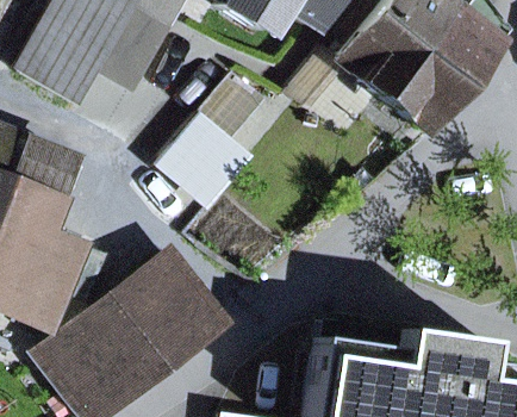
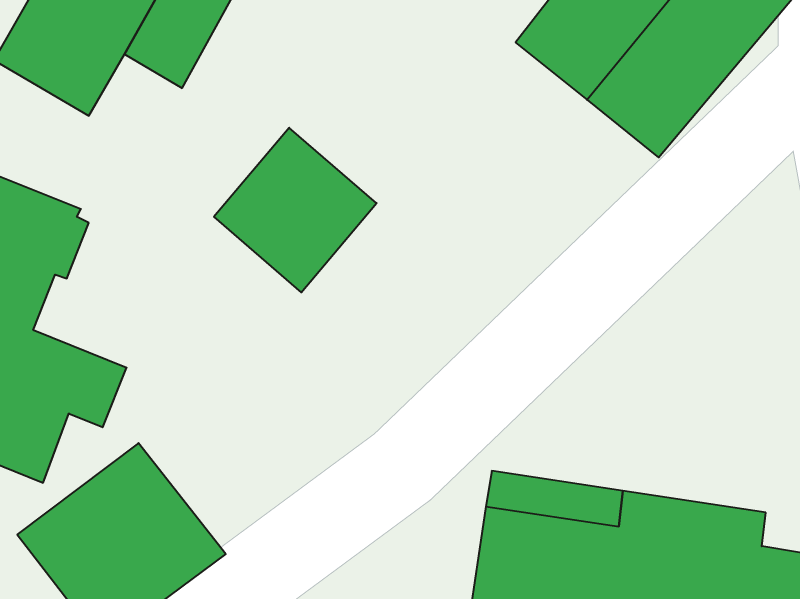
building: [110,255,224,368] -> none

